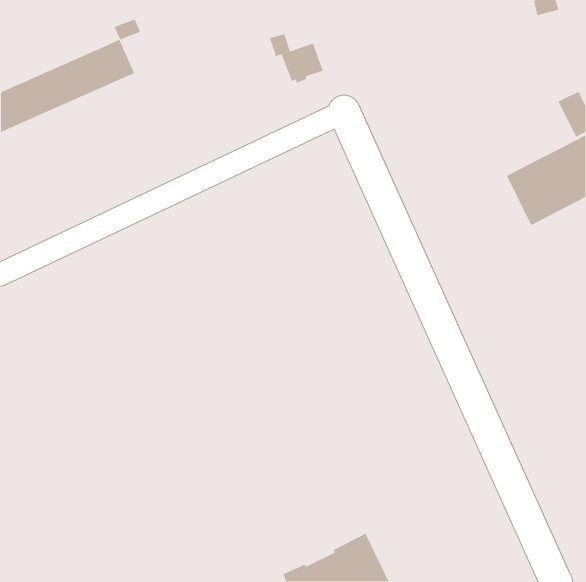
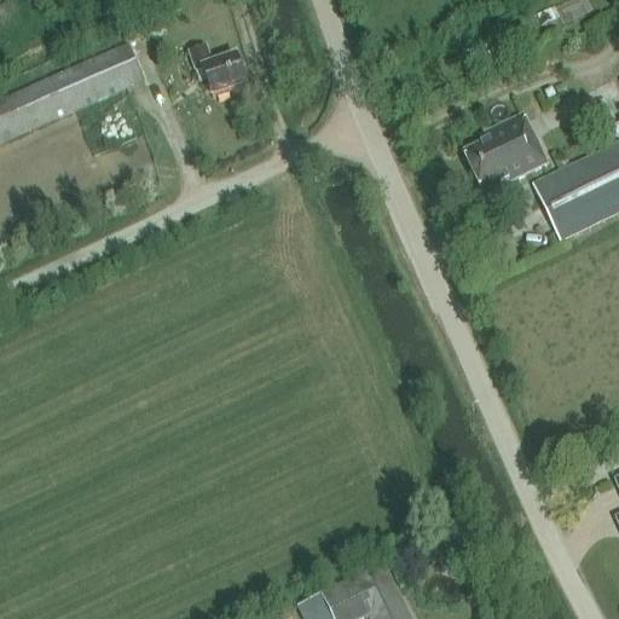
building: [269,33,324,84] -> [189,44,247,97]
building: none -> [463,111,548,203]

